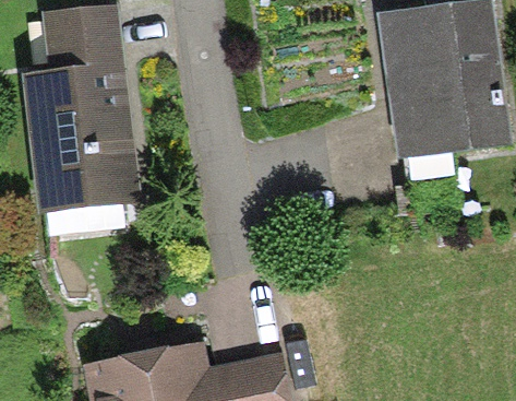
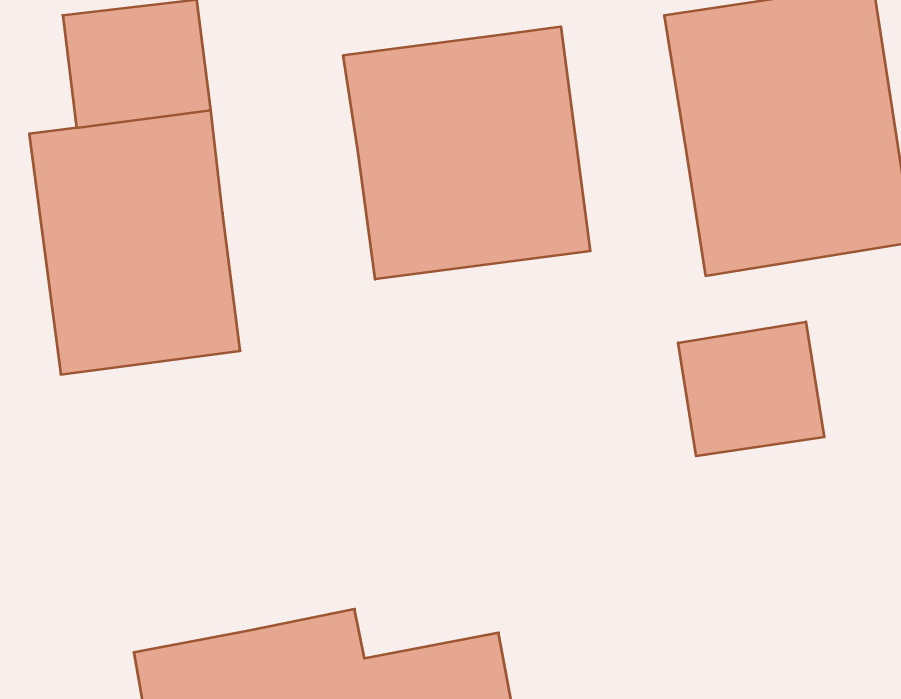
building: none -> [343,27,590,279]
building: none -> [678,322,824,456]

